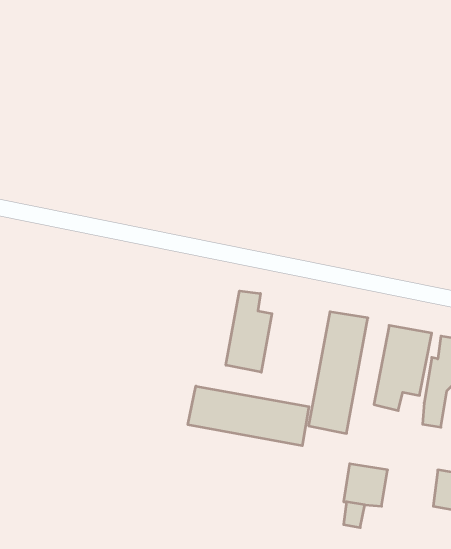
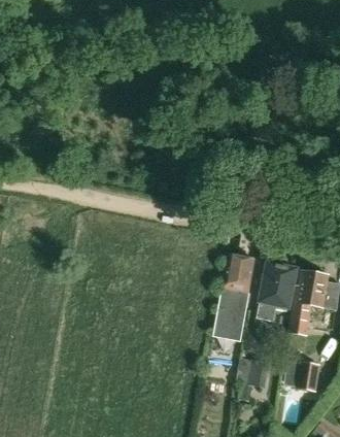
building: [226,291,272,372] -> none
building: [188,386,309,446] -> none

